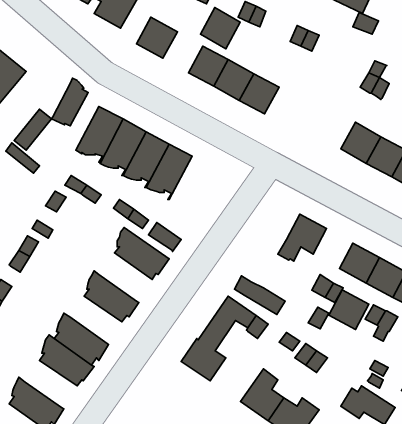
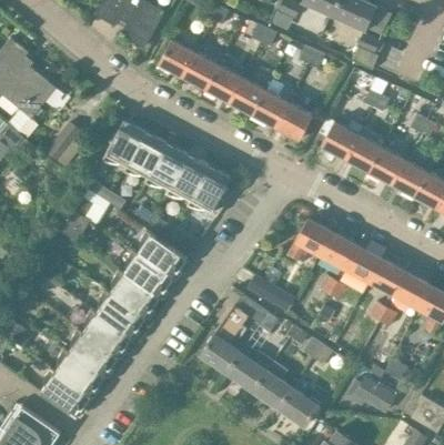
building: [200,8,240,49] -> [182,51,219,89]
building: [52,78,88,126] -> none
building: none -> [275,102,312,140]
building: none -> [321,119,362,159]
building: none -> [188,165,235,216]
building: none -> [123,251,173,299]
building: [329,290,369,330] -> [320,232,356,269]
building: none -> [97,291,147,337]
building: none -> [225,344,274,391]
building: none -> [56,350,105,396]

